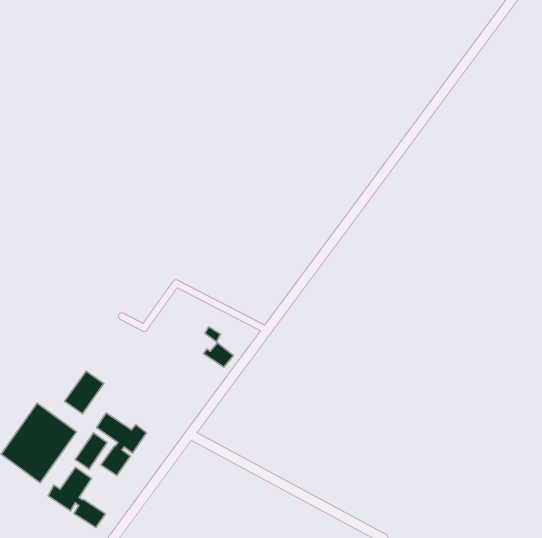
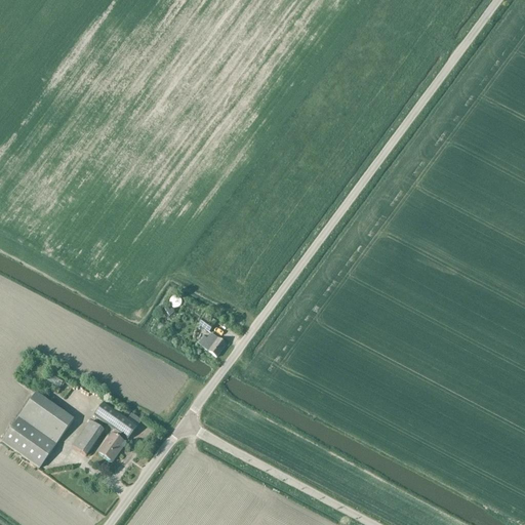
building: [65,371,104,414] -> none
building: [48,467,105,528] -> none

